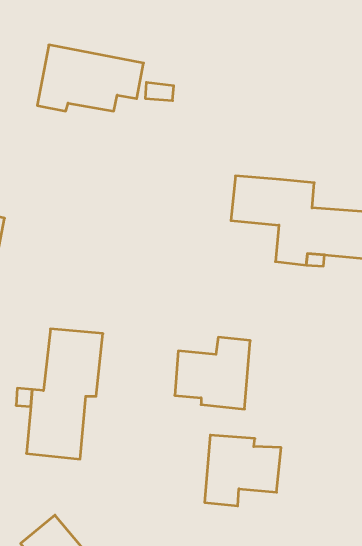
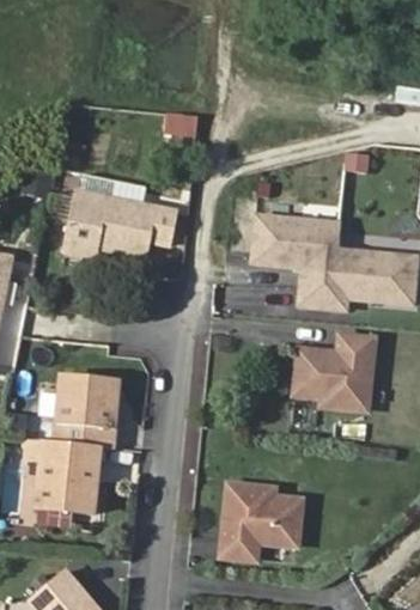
building: [37,45,144,111] -> [66,190,177,260]
building: [175,337,250,409] -> [296,331,375,407]

